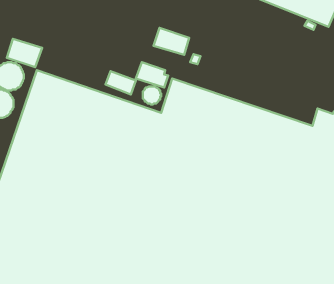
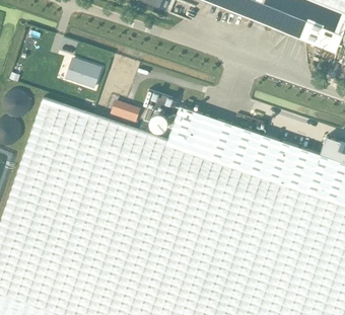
building: [154,28,189,55] -> none
building: [7,39,42,67] -> [66,60,101,88]

